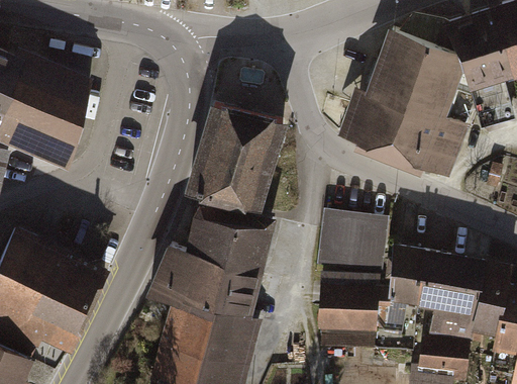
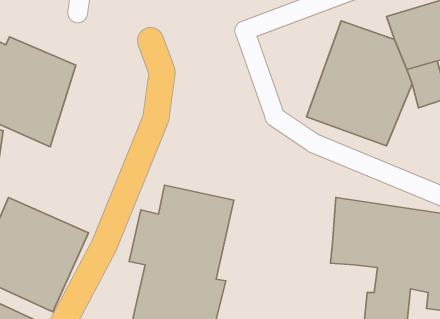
building: [186,102,285,215] -> none
building: [319,211,386,274] -> none
building: [319,276,408,352] -> none

